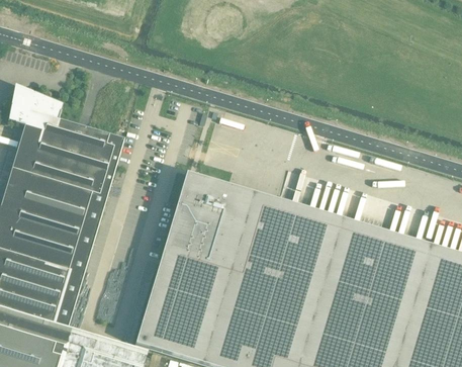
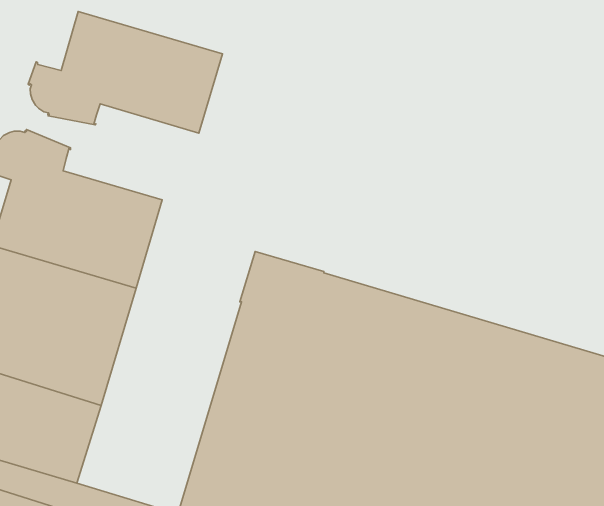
building: none -> [28,11,222,133]

